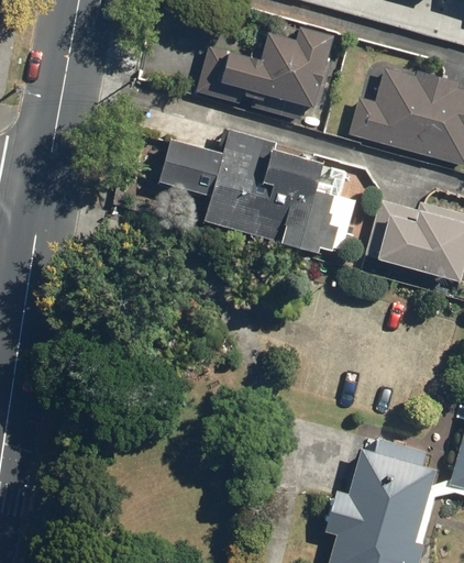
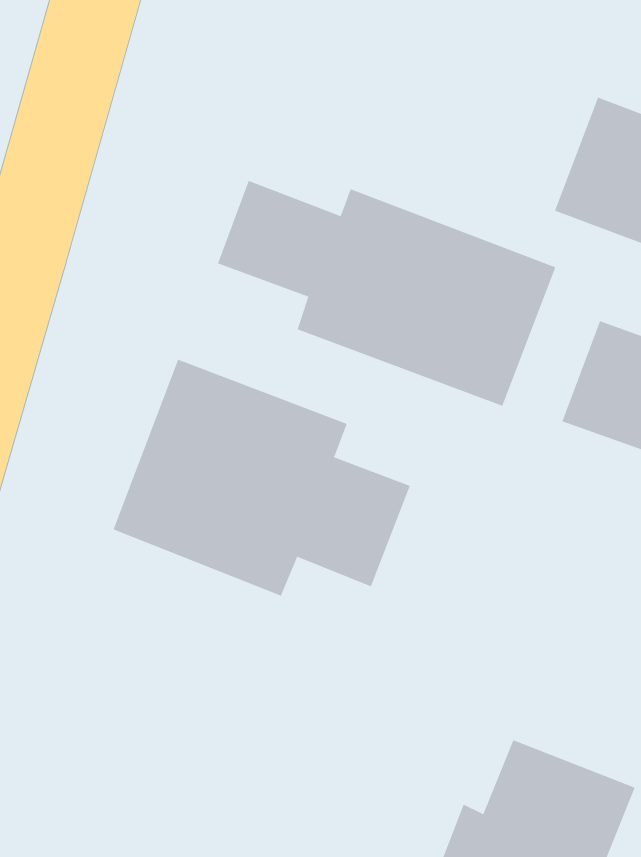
building: [199,25,344,128] -> none
building: none -> [113,359,411,596]

